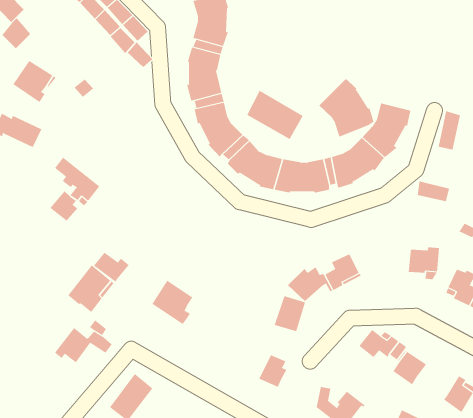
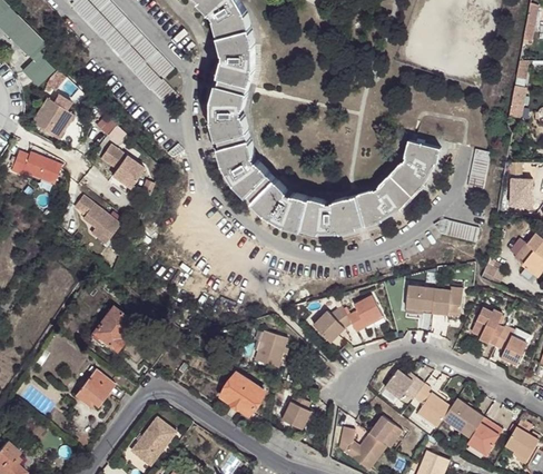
building: [319,78,374,137] -> none
building: [247,90,304,140] -> none
building: none -> [103,145,147,190]
building: [49,191,78,222] -> none
building: none -> [405,286,435,313]
building: [93,252,130,282] -> none
building: [151,280,193,325] -> [219,372,261,417]
building: [274,296,306,332] -> [255,332,287,368]
building: none -> [443,397,485,437]
building: none -> [371,417,401,447]

